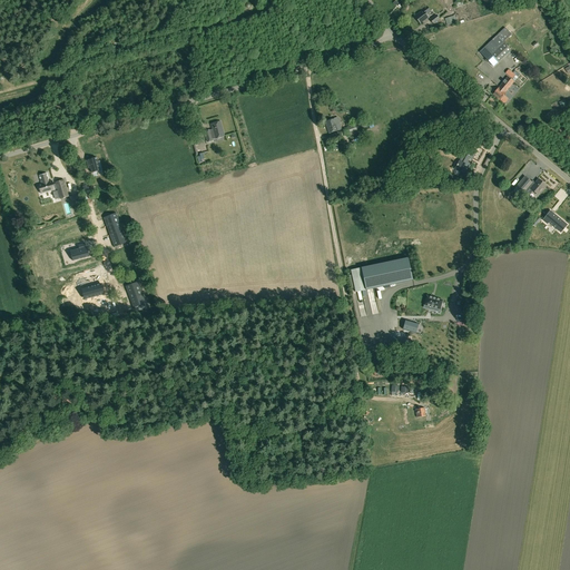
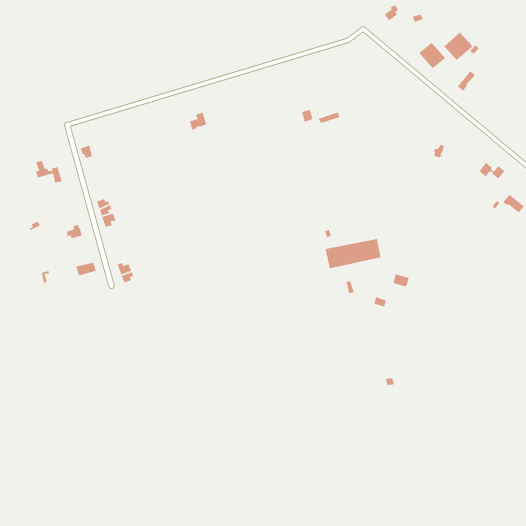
building: none -> [418,42,446,69]

